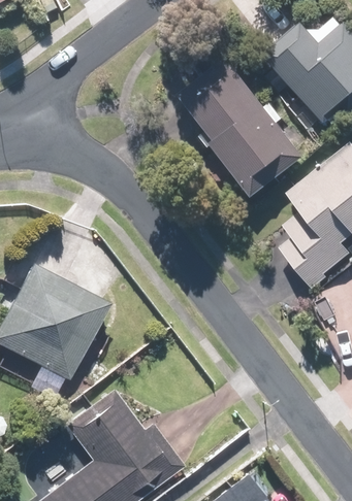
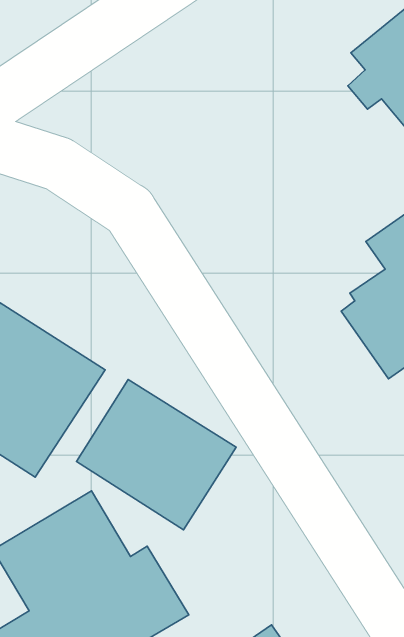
building: [182,58,305,198] -> none
building: none -> [77,379,236,530]

